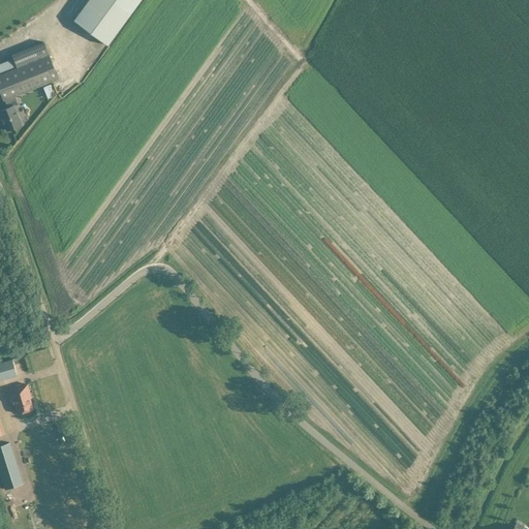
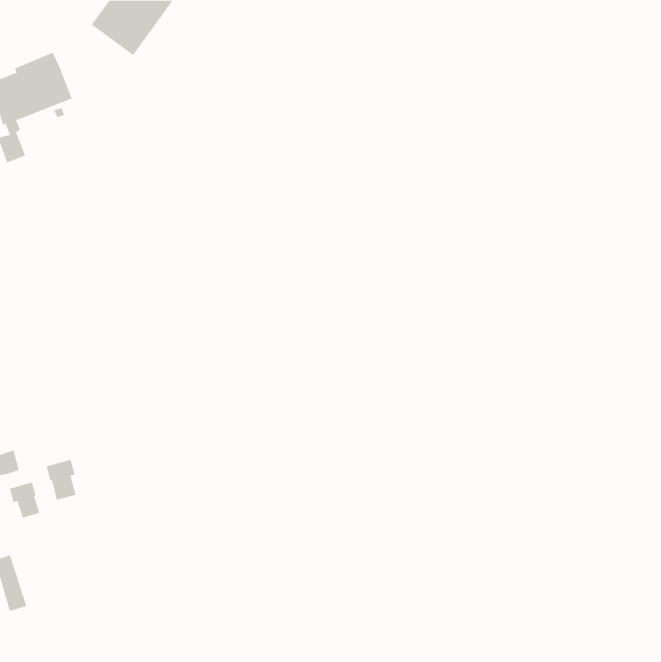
building: none -> [46,459,76,501]

